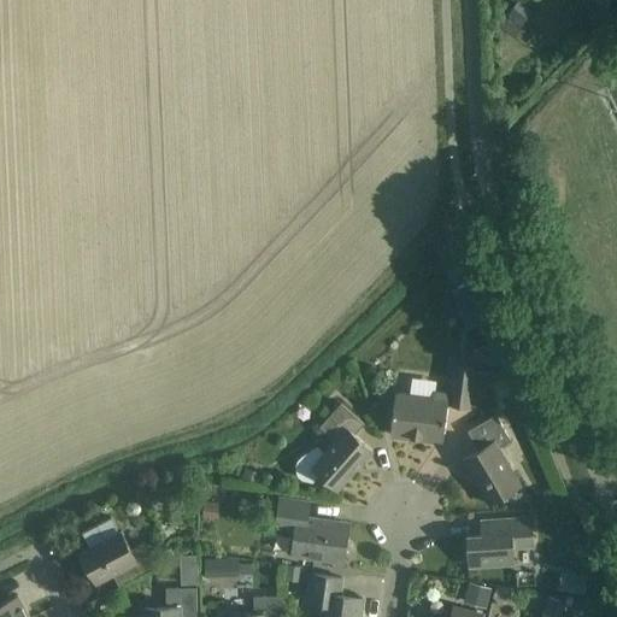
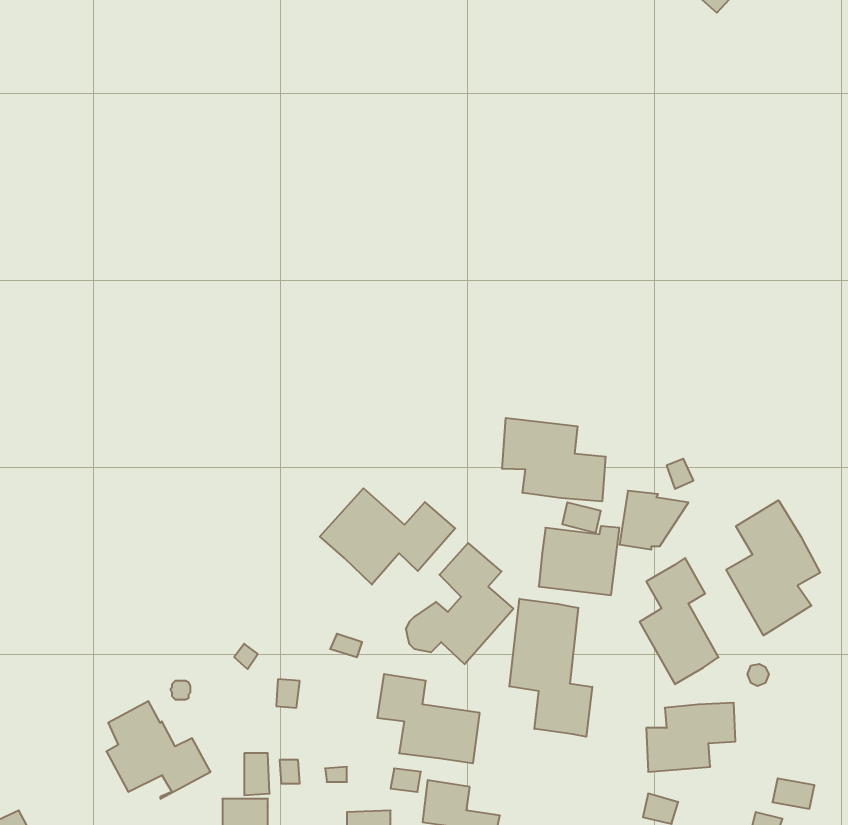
building: none -> [502,418,606,501]
building: none -> [320,488,455,585]
building: none -> [726,500,820,635]
building: none -> [509,599,592,737]

